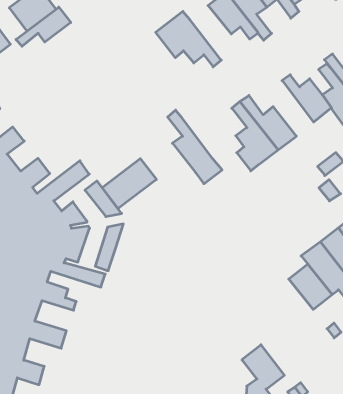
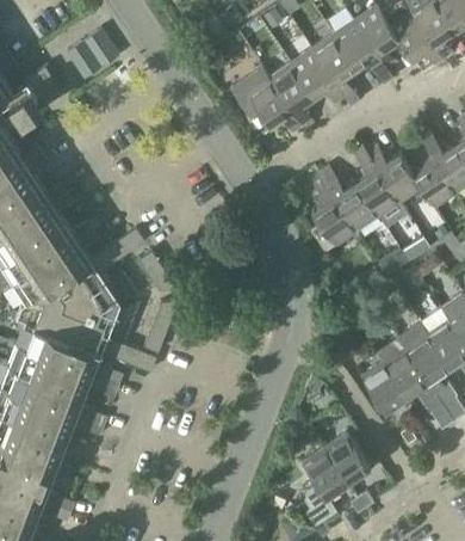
building: none -> [269,63,315,125]
building: [16,7,71,46] -> none
building: [168,110,222,184] -> [353,145,410,229]
building: [102,159,156,208] -> none
building: none -> [326,434,371,484]

